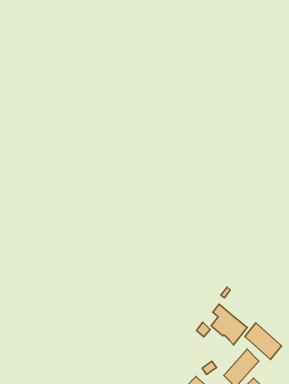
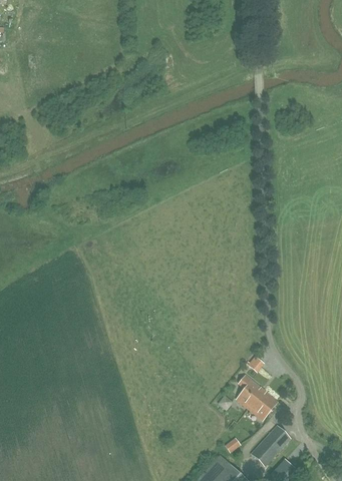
building: [245,323,281,359] -> none

